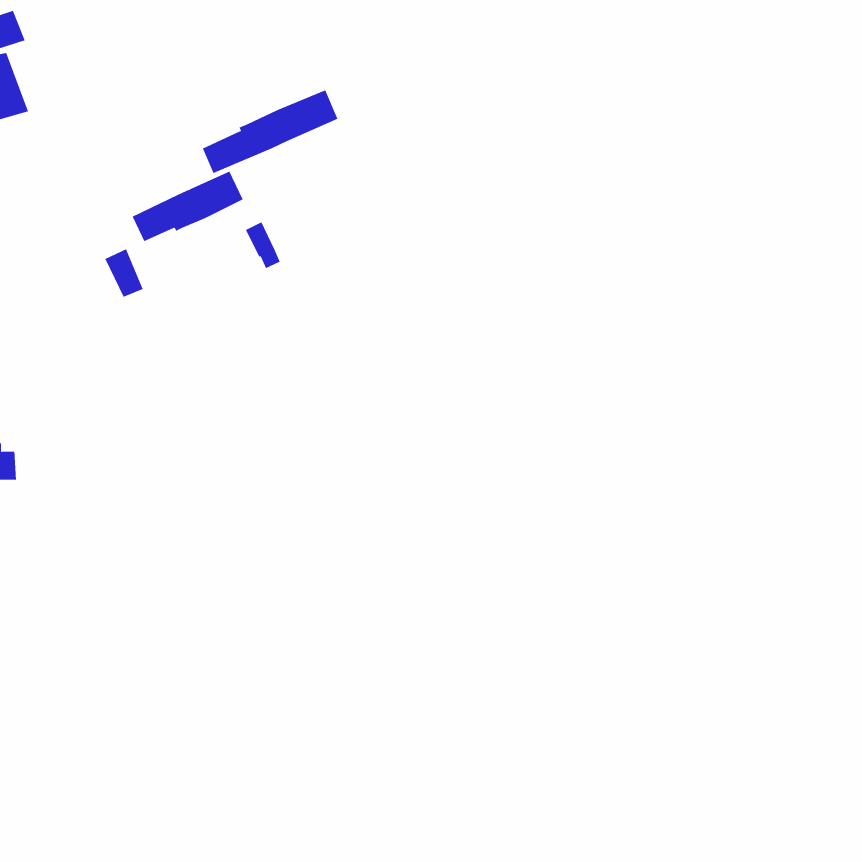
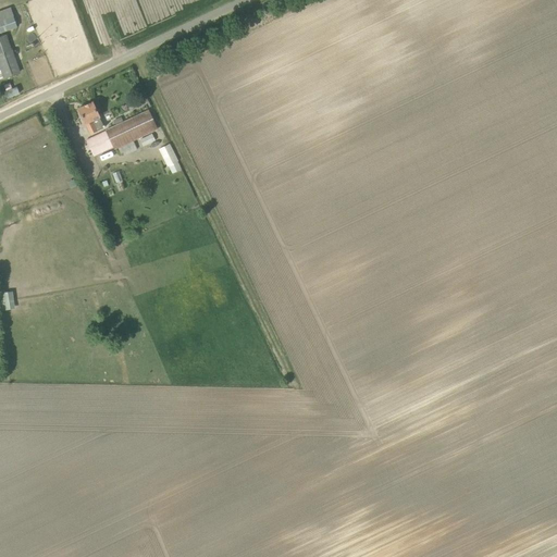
building: [202,90,338,174] -> none
building: [105,249,143,298] -> [77,101,102,133]

